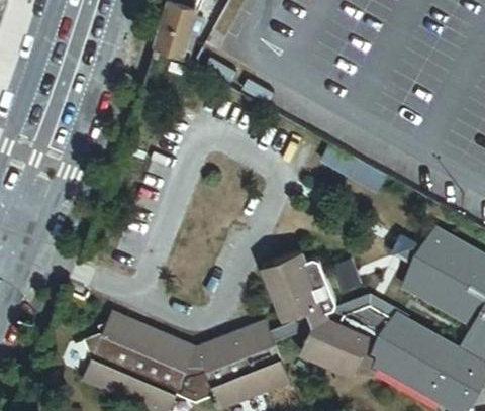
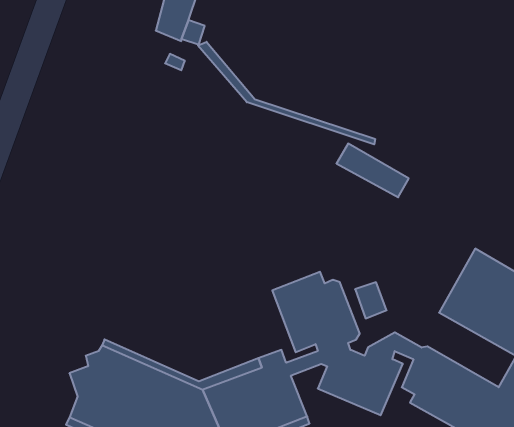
building: none -> [198,42,375,144]

